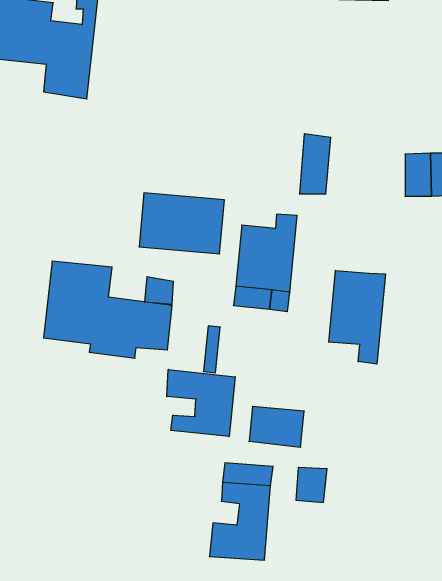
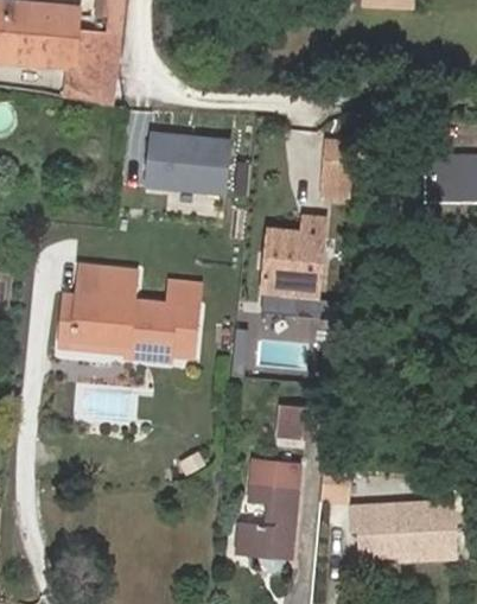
building: [139,193,224,254] -> [146,131,230,191]
building: [329,270,385,364] -> none
building: [167,369,235,437] -> none
building: none -> [346,506,450,561]

